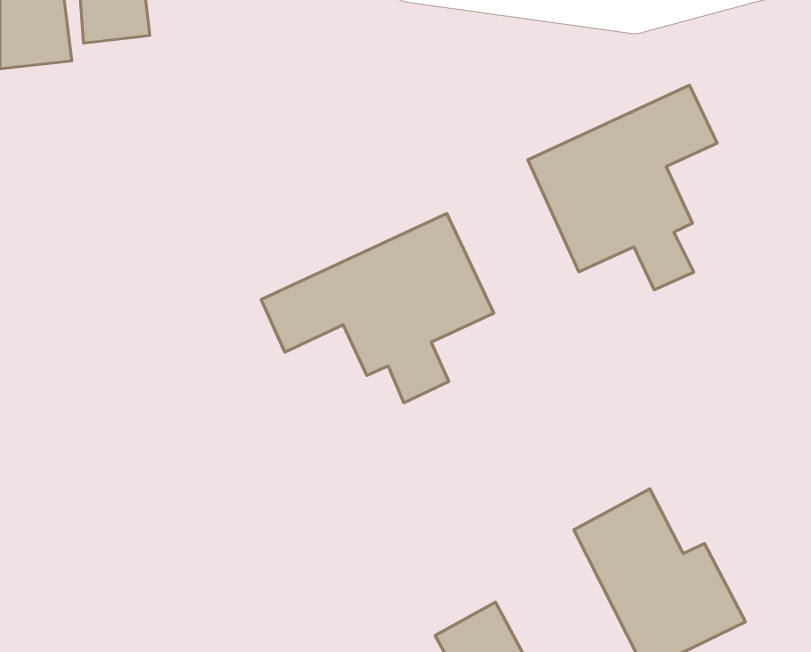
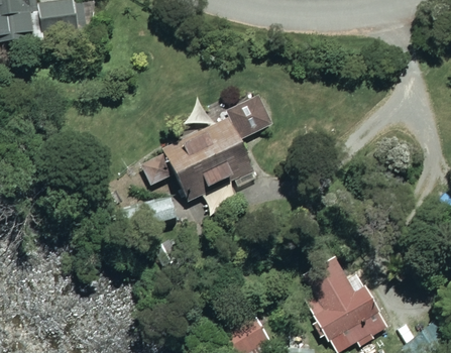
building: [528,85,717,290] -> none

